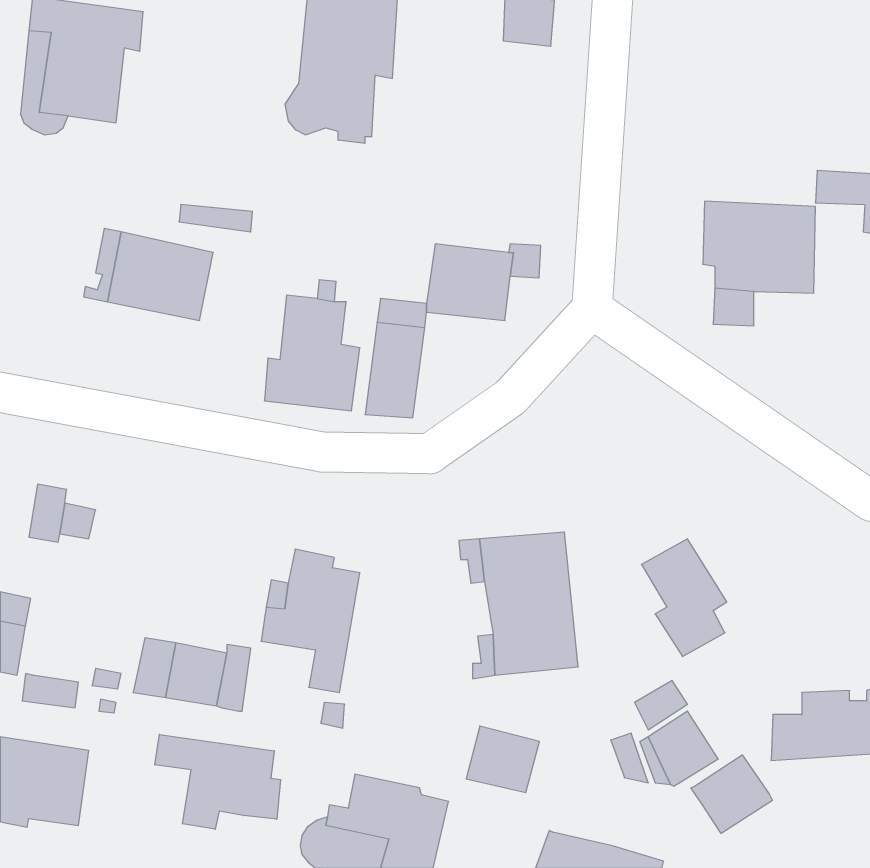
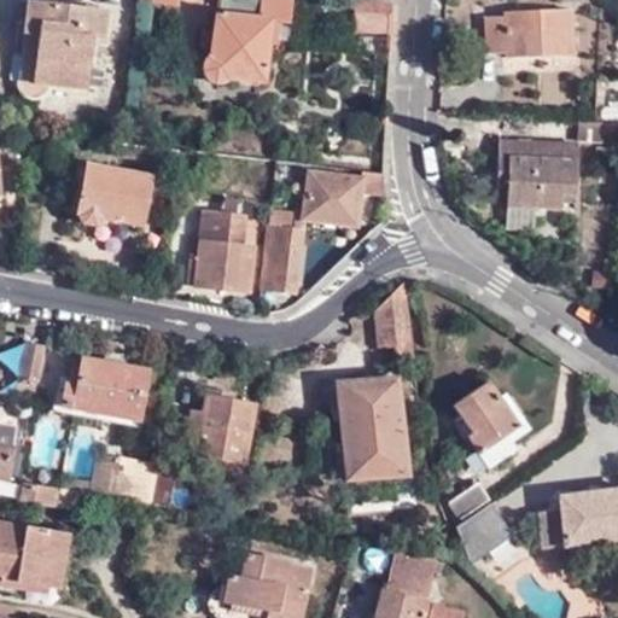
building: none -> [488,10,571,56]
building: none -> [378,282,416,358]
building: none -> [62,362,145,420]
building: [466,726,539,793] -> [392,552,444,599]
building: [155,734,281,829] -> none
building: [691,755,772,833] -> none

